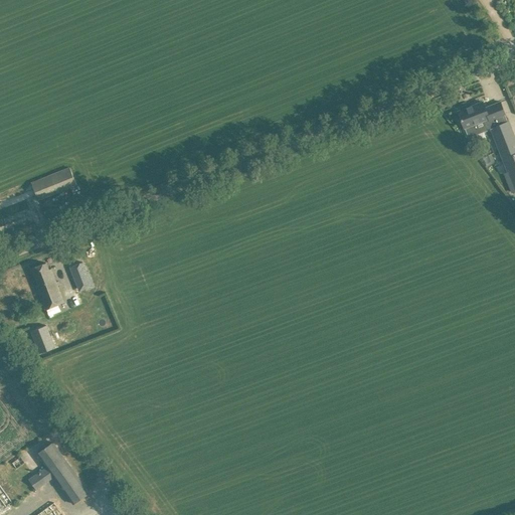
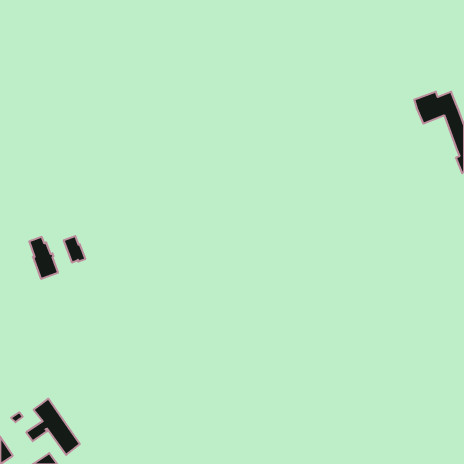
building: [32,168,76,200] -> none
building: [31,325,55,353] -> none

